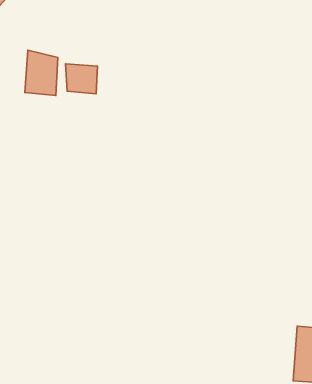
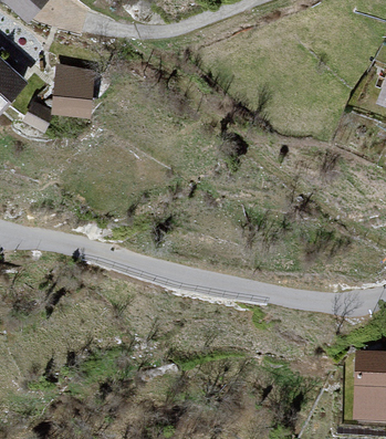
building: [65,64,97,94] -> none

